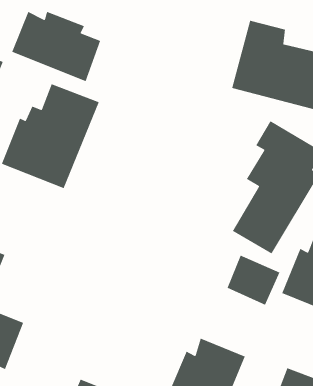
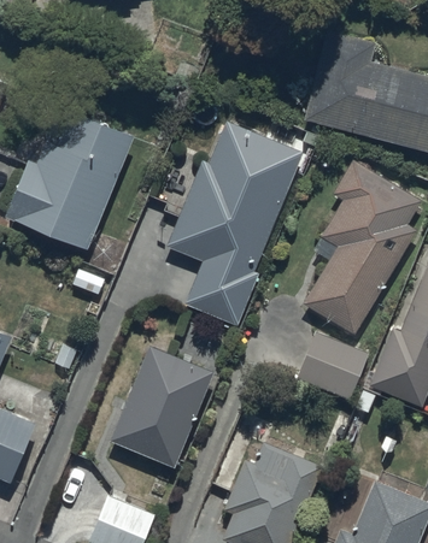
building: [11,11,101,82] -> none
building: none -> [166,122,304,323]
building: none -> [110,344,213,470]

